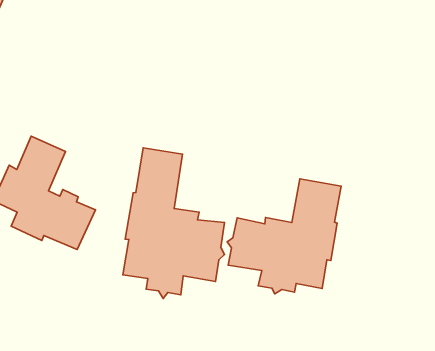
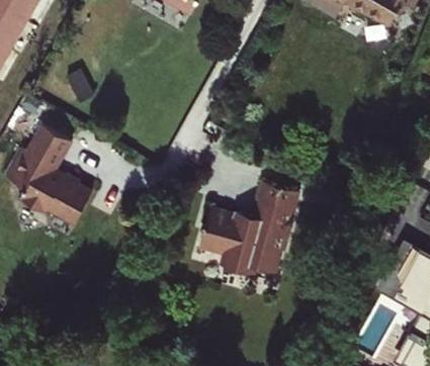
building: [123,148,225,298] -> none

